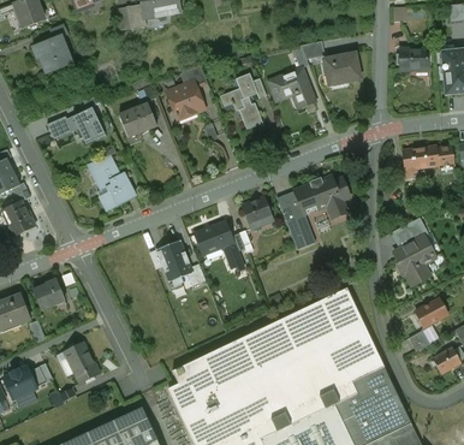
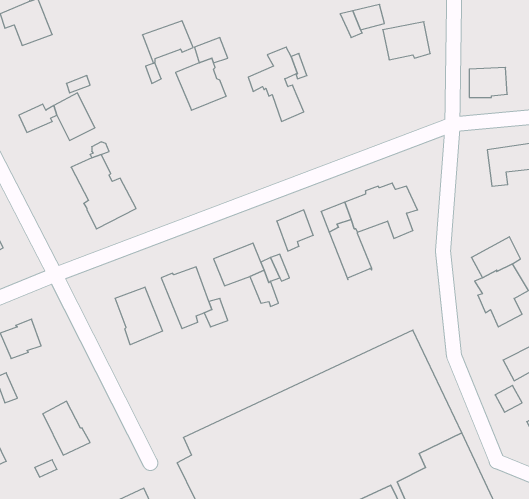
building: [399,48,428,71] -> [469,67,507,97]
building: [268,69,315,108] -> none
building: [118,105,156,137] -> [142,21,193,63]
building: none -> [115,287,162,345]

